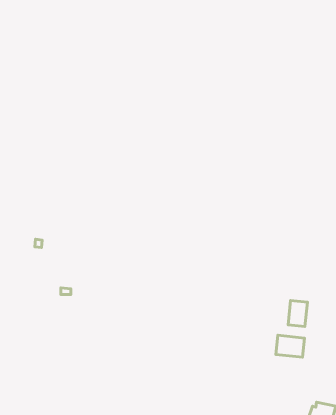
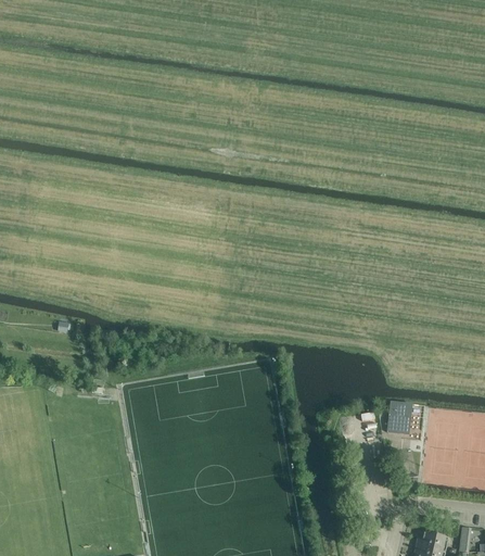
building: [276,335,305,357] -> none

